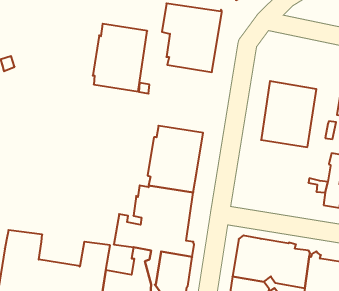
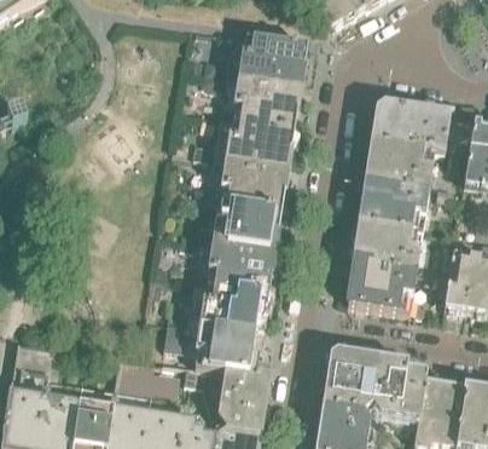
building: [93,24,147,92] -> [220,115,294,207]
building: none -> [372,102,449,149]
building: none -> [347,217,423,309]

